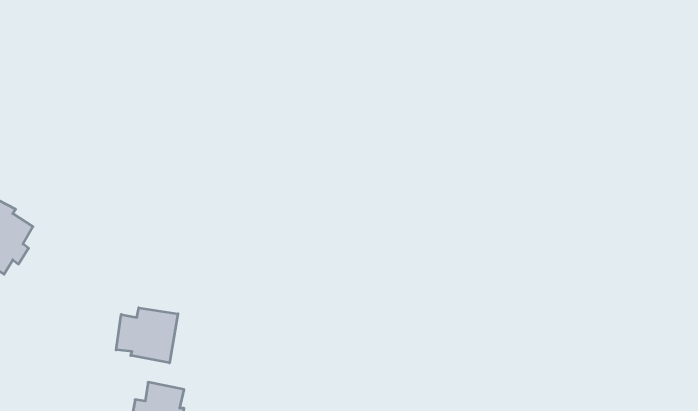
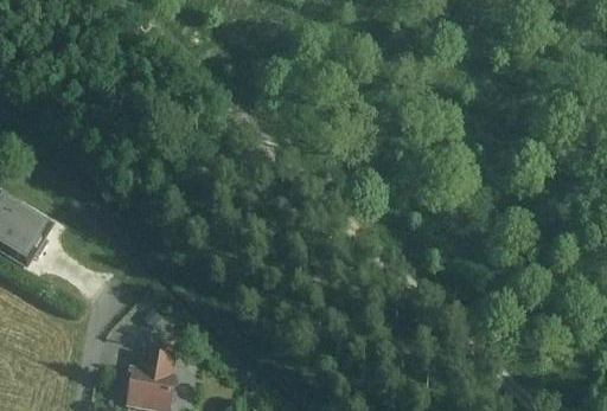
building: [116,308,178,363] -> none

